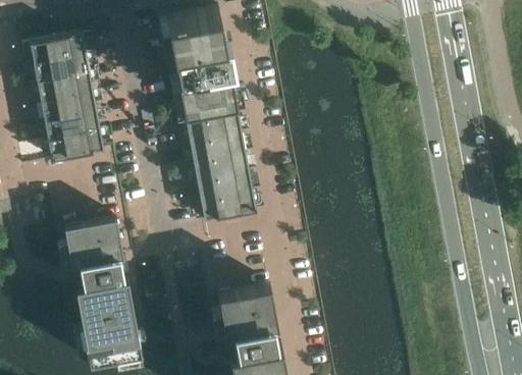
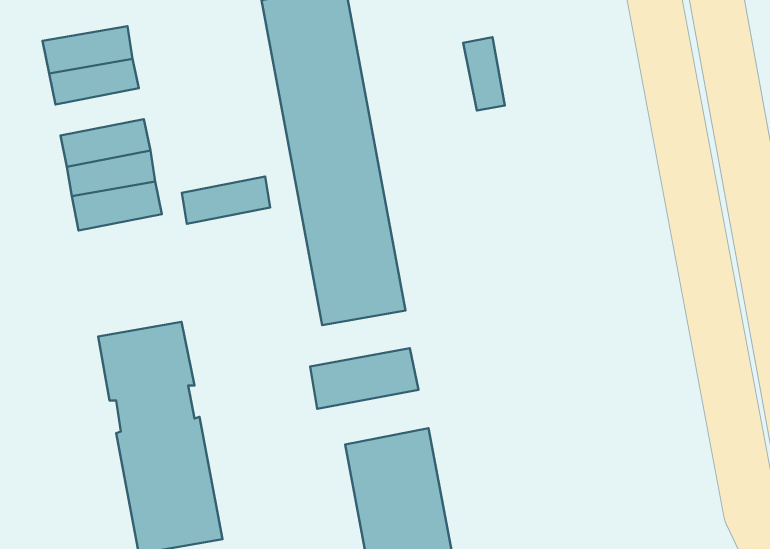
building: none -> [463,37,505,110]
building: [37,72,92,102] -> [182,177,270,224]
building: none -> [310,348,418,409]

